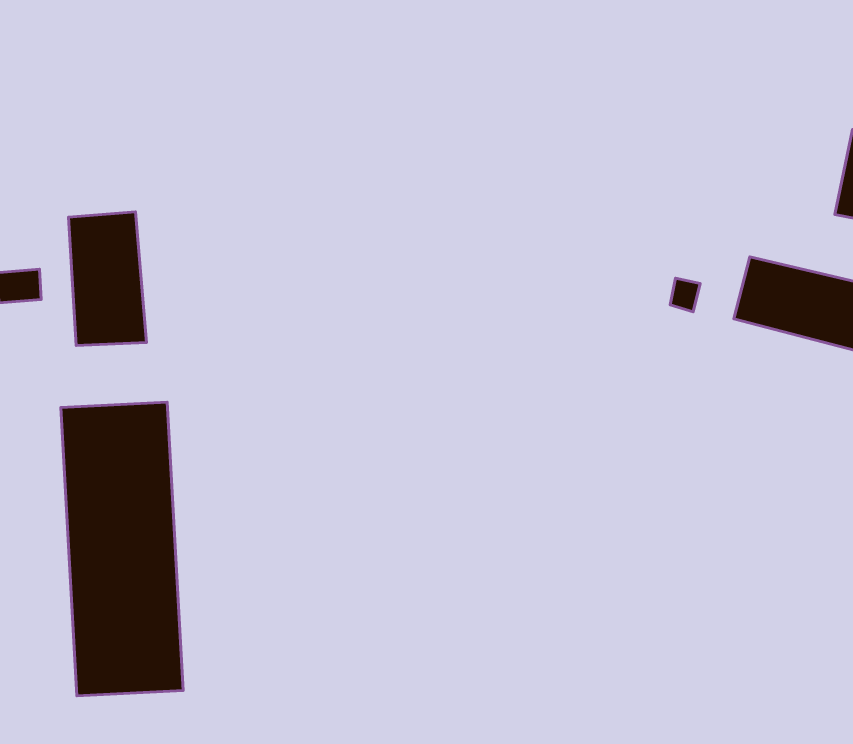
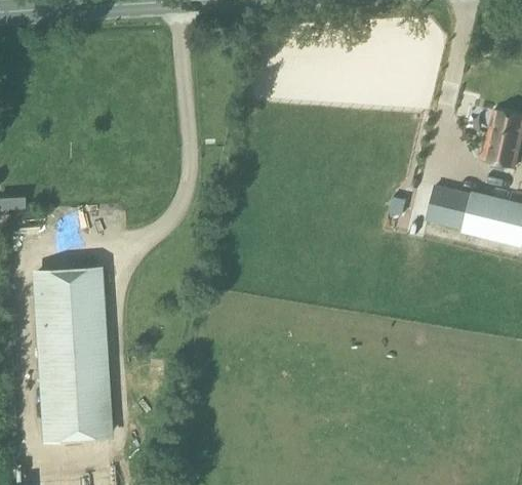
building: [68,212,146,346] -> none

